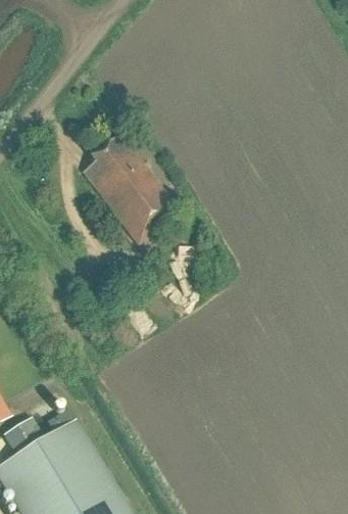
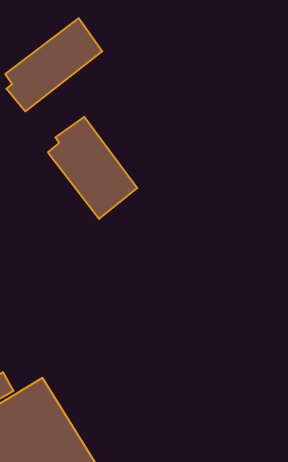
building: none -> [5,18,102,111]

